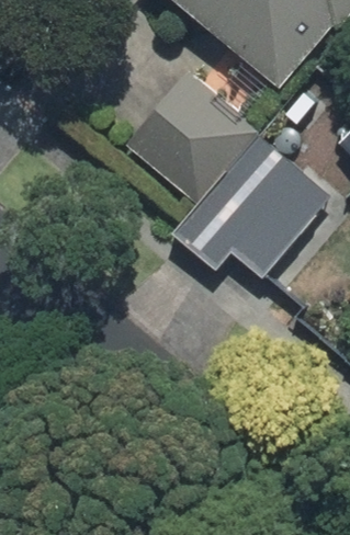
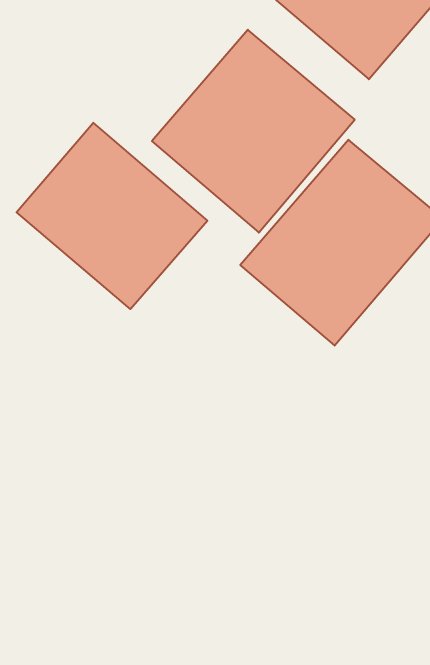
building: none -> [17,123,207,309]

